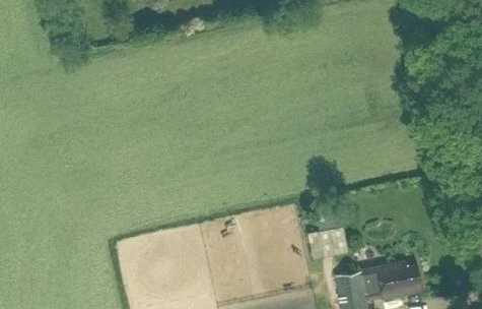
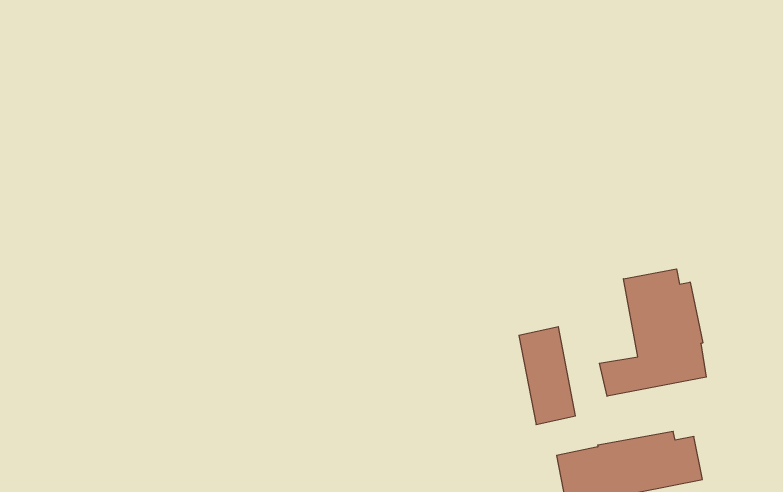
building: none -> [599,269,706,396]

